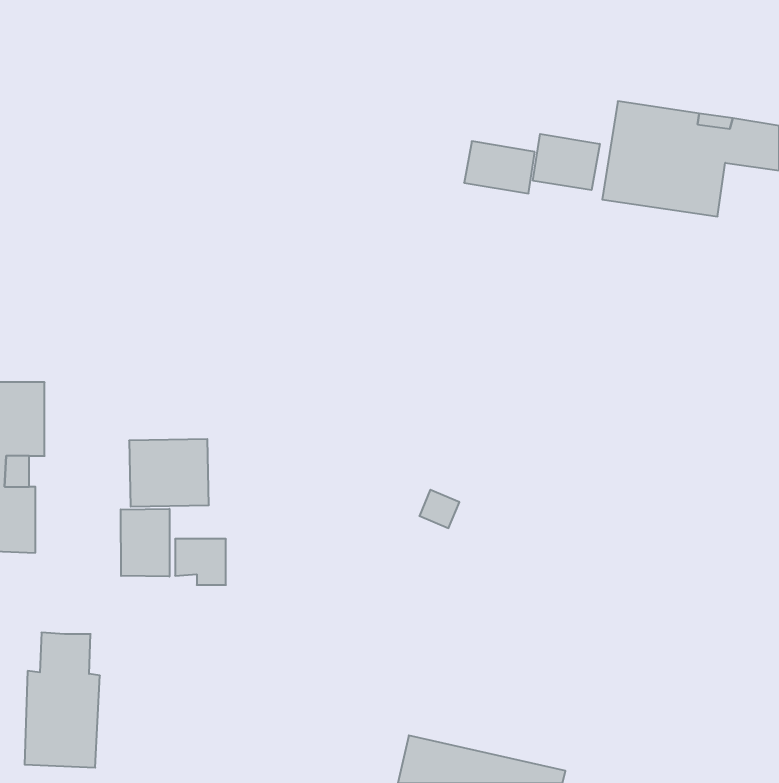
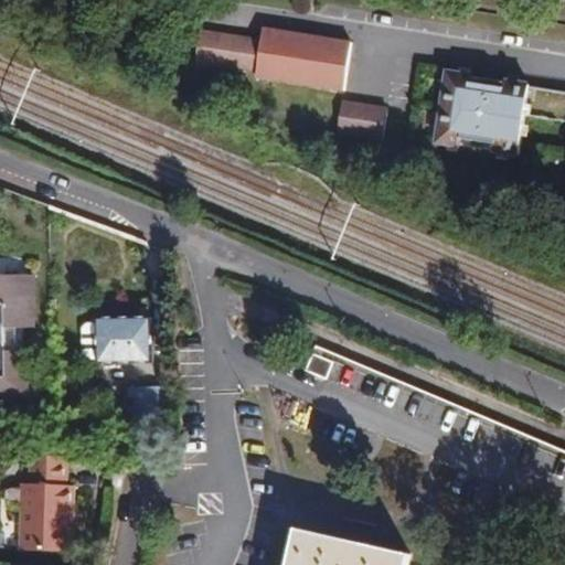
building: none -> [192,28,349,93]
building: [533,134,600,190] -> none
building: [121,509,169,577] -> none

